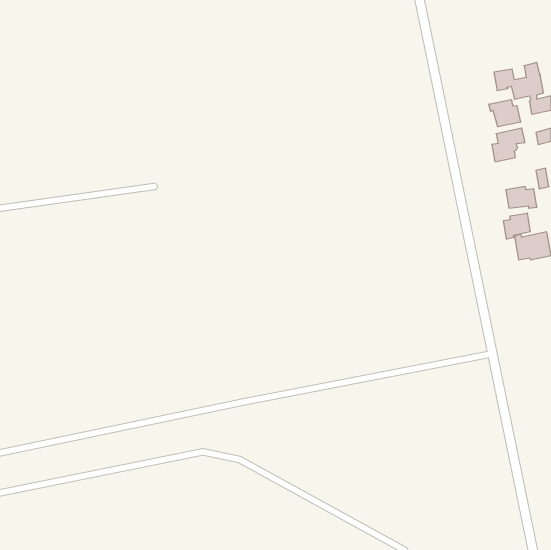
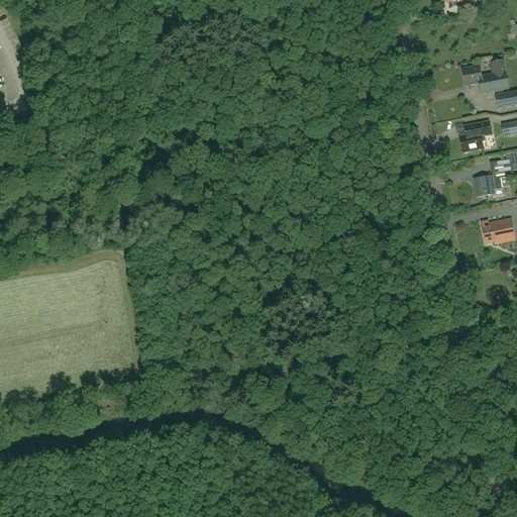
building: [489,100,520,127] -> none
building: [504,213,530,239] -> none

